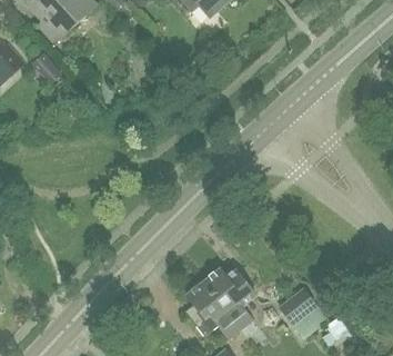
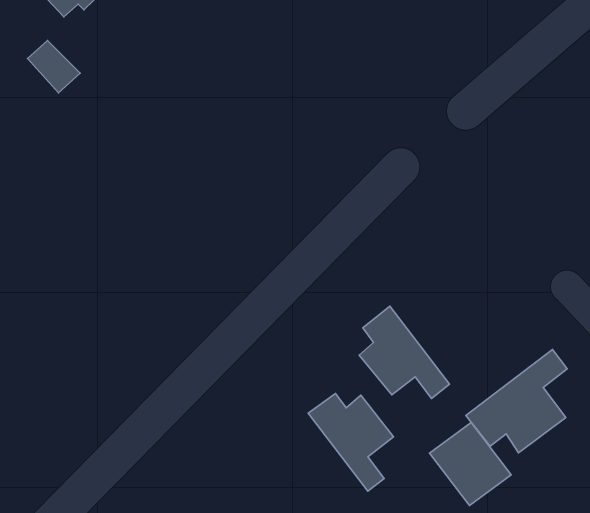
building: none -> [466,350,567,453]
building: [184,281,240,338] -> [359,306,450,399]

